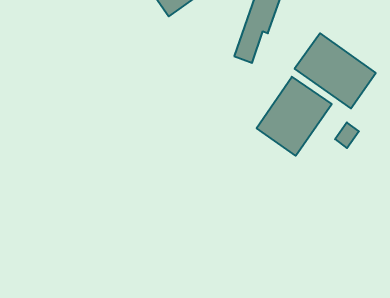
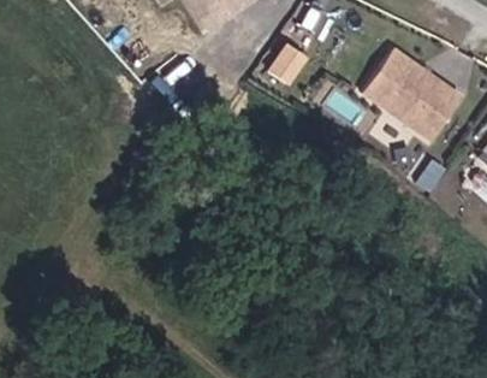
building: [257,77,332,156] -> none

